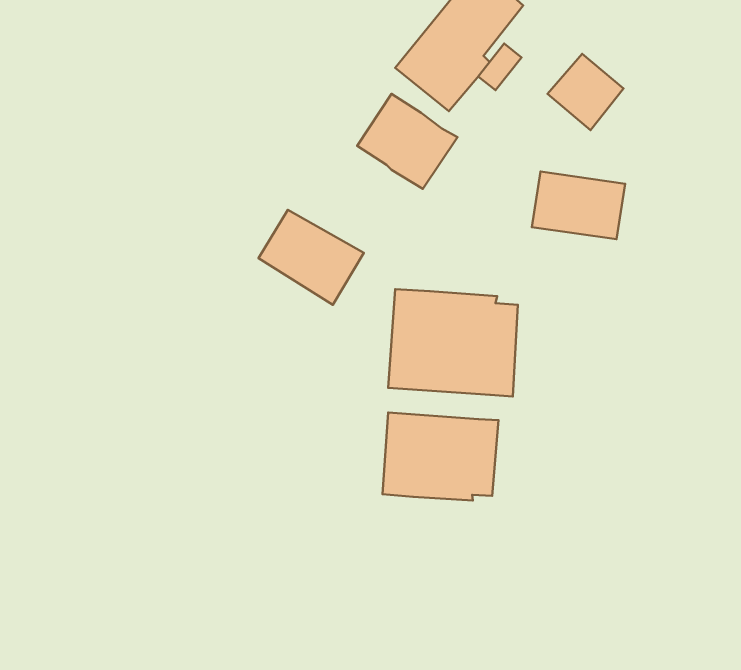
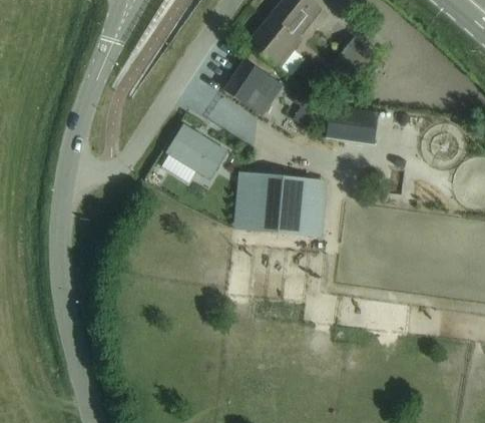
building: [382,413,499,501] -> none

